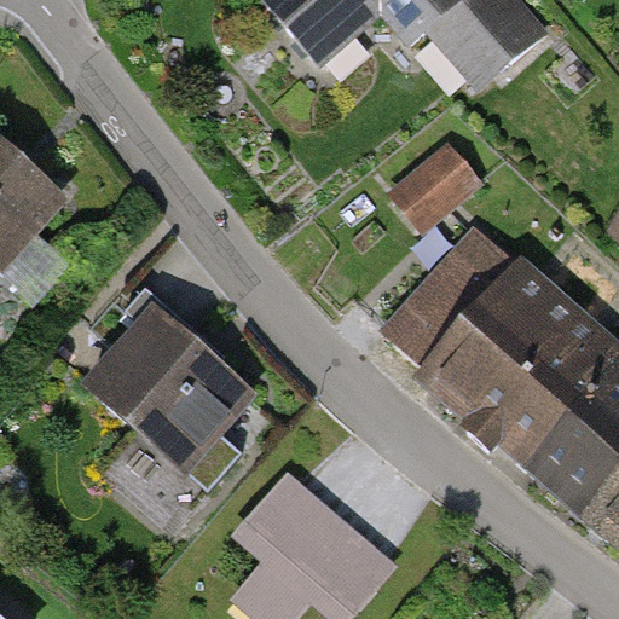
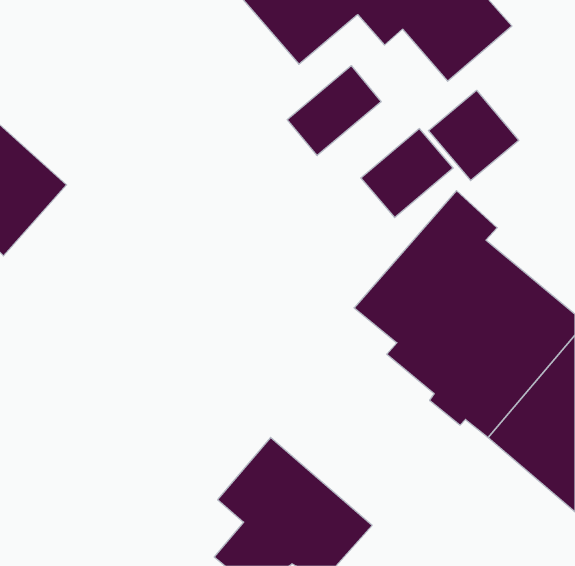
building: none -> [287,66,381,156]
building: none -> [428,90,519,181]
building: [82,303,260,479] -> none

